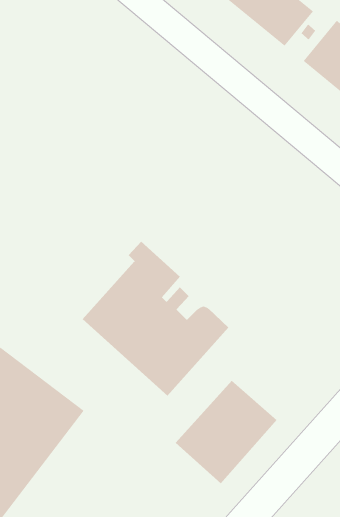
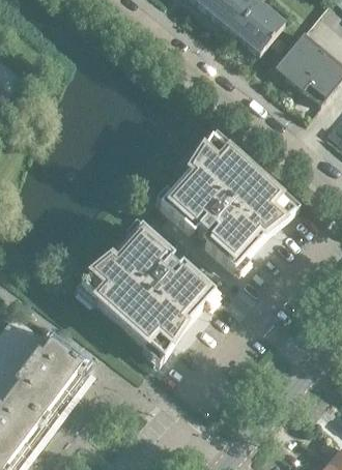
building: none -> [155,142,291,267]
building: [175,380,278,484] -> none

